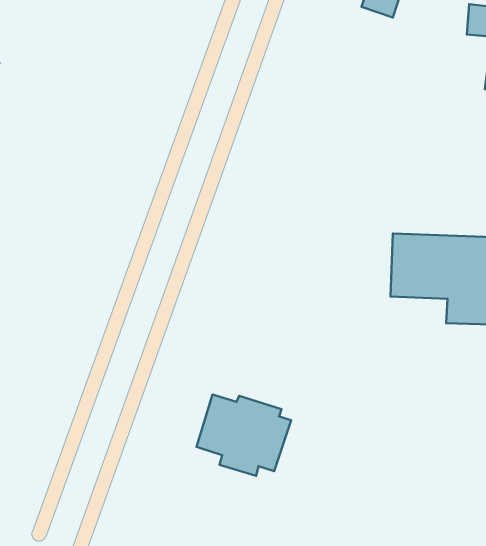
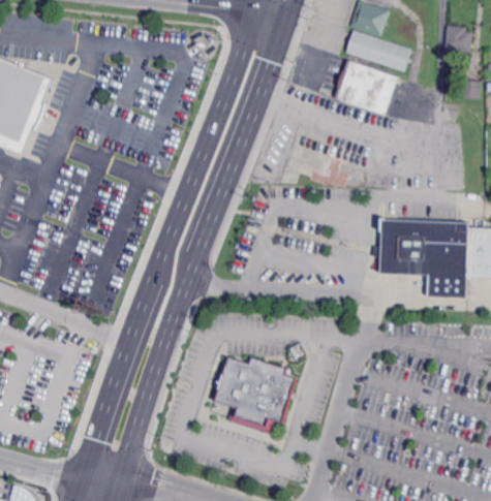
building: none -> [345,30,411,71]
building: none -> [334,59,395,115]

